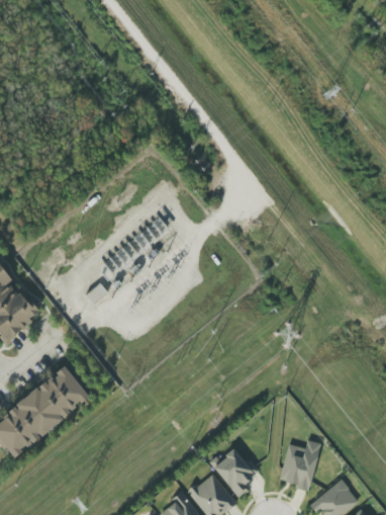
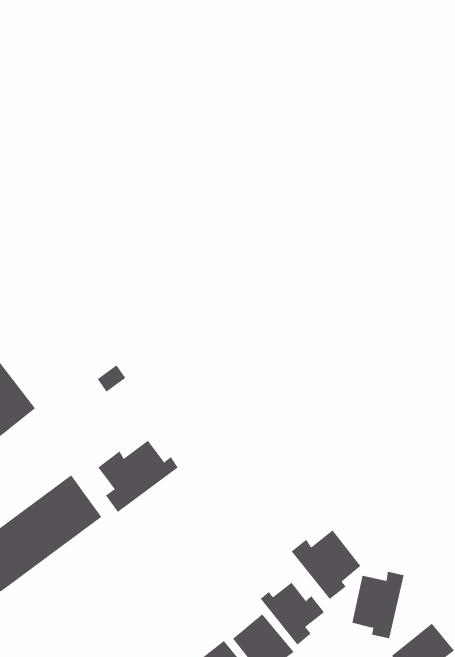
building: none -> [98,440,179,513]
building: none -> [291,530,361,600]

